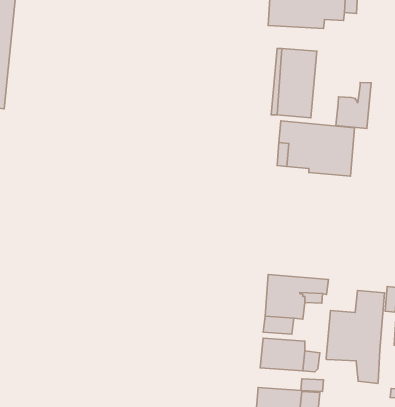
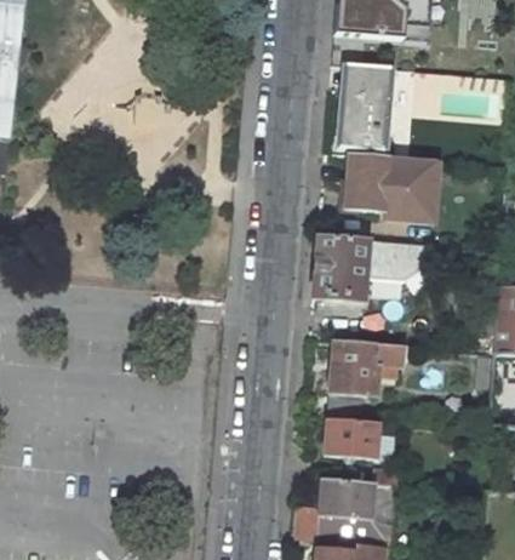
building: [336,82,371,129] -> none
building: none -> [314,234,428,299]
building: [326,291,384,383] -> none

